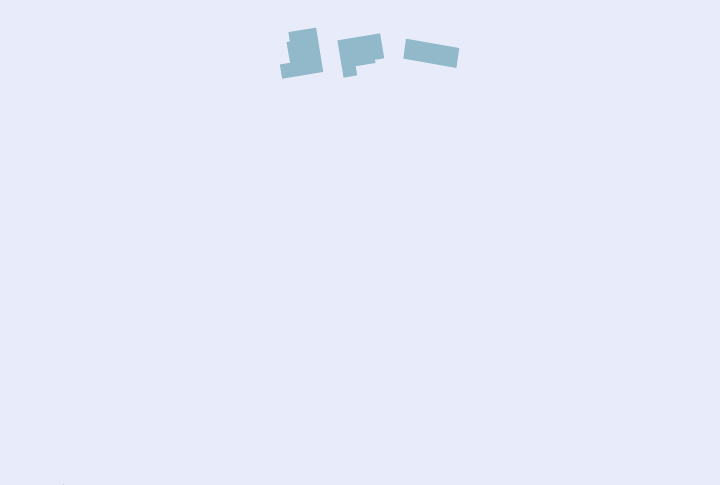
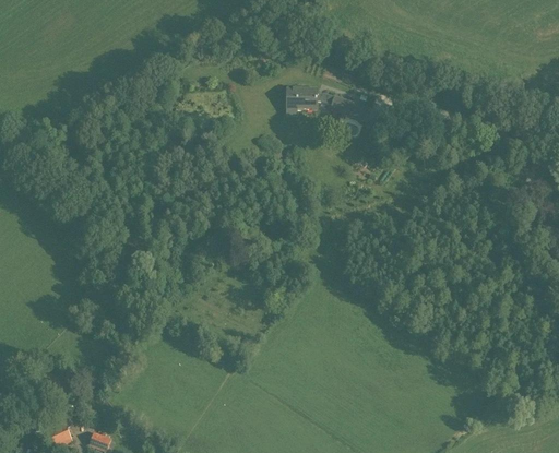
building: [279,27,324,80] -> none

